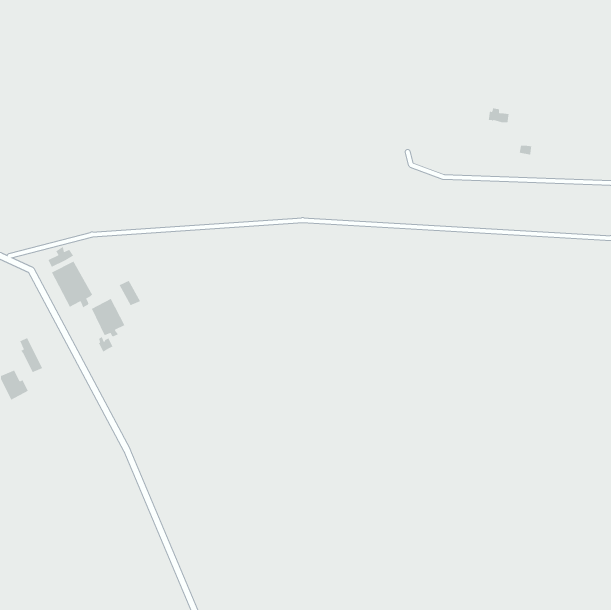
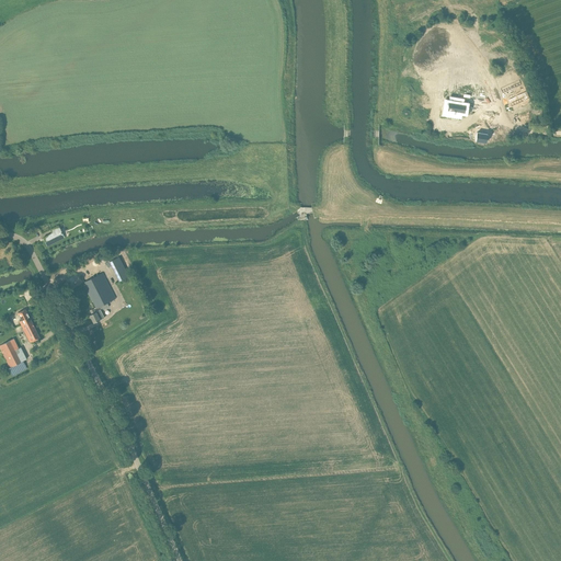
building: [51,260,93,308] -> none

